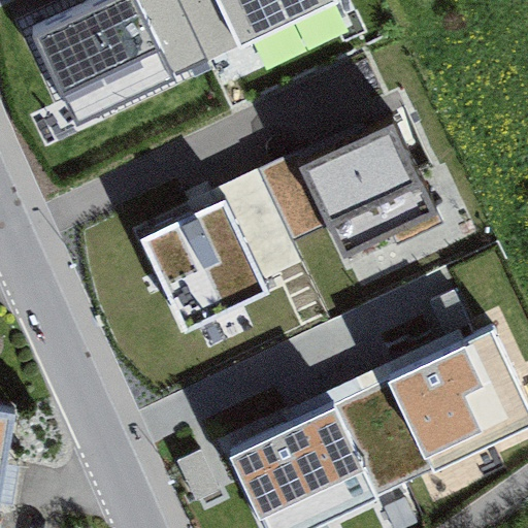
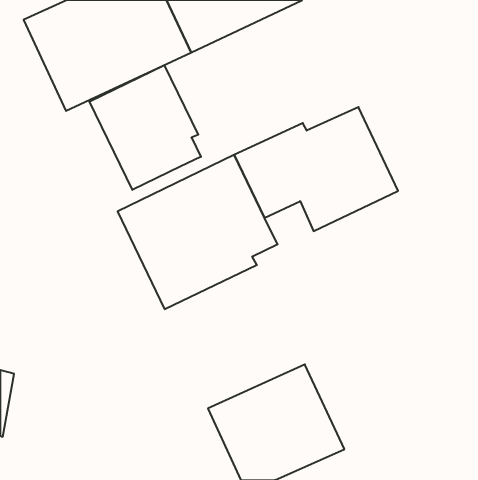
building: none -> [89,65,201,190]
building: [337,336,514,493] -> none

